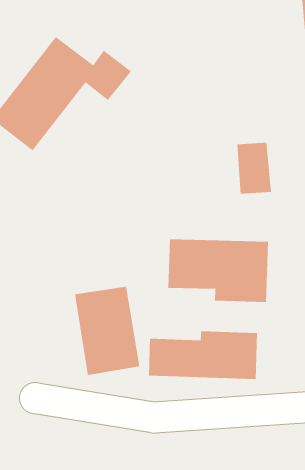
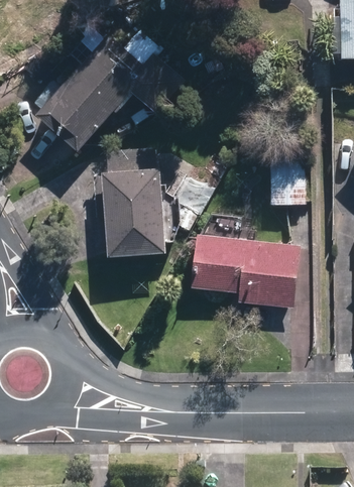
building: [74,286,140,376] -> [110,162,167,244]
building: [149,331,258,380] -> none

